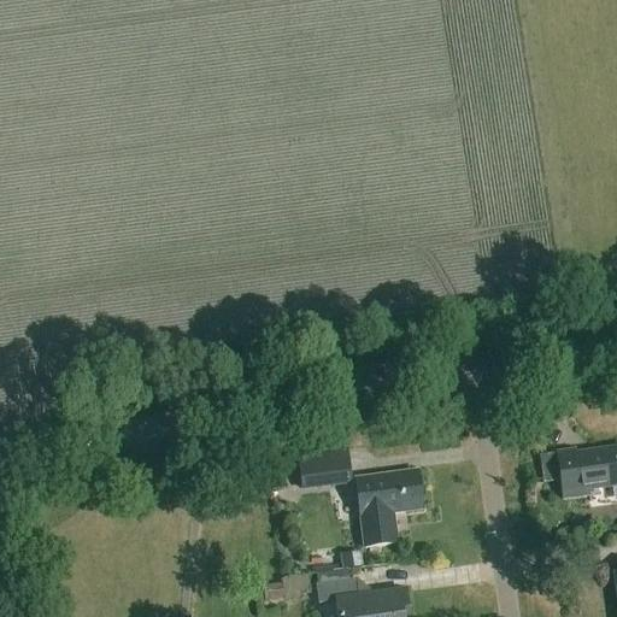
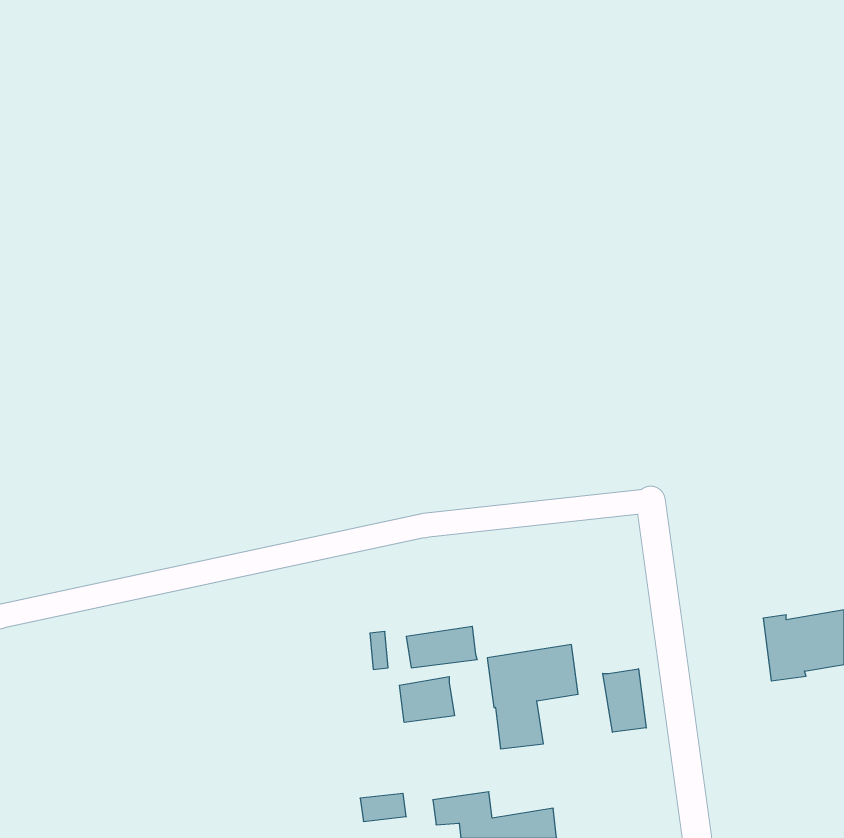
building: none -> [603,669,646,732]
building: none -> [399,677,454,722]

